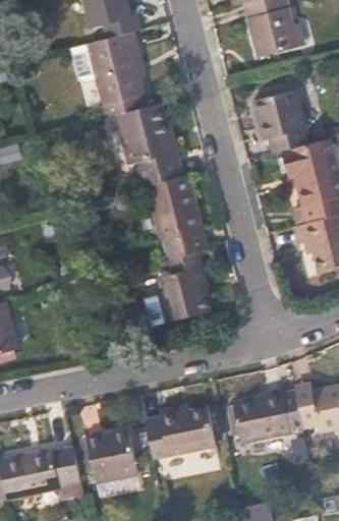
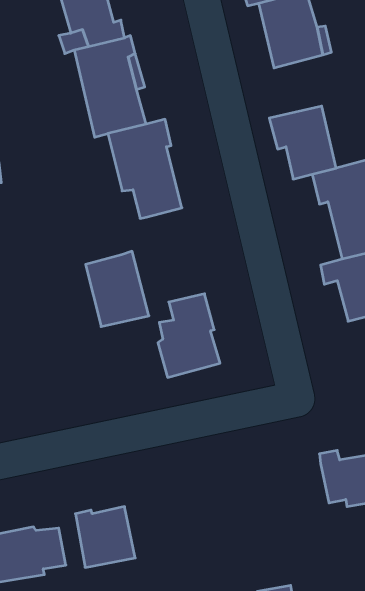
building: [147,174,201,238] -> [86,251,149,327]
building: [231,394,303,446] -> none
building: [146,409,216,460] -> none

